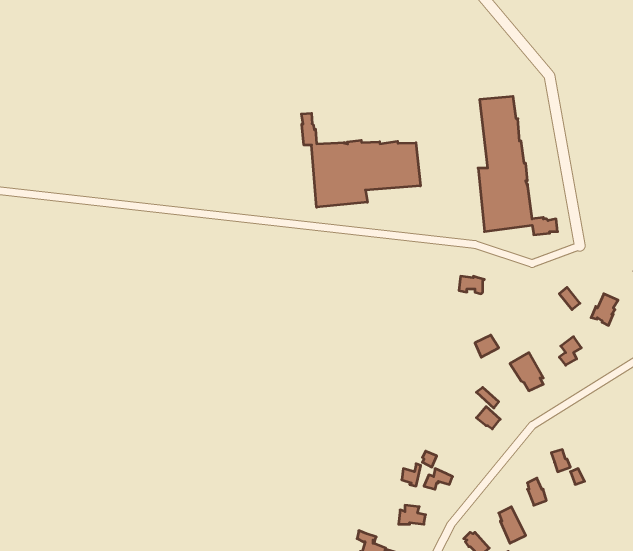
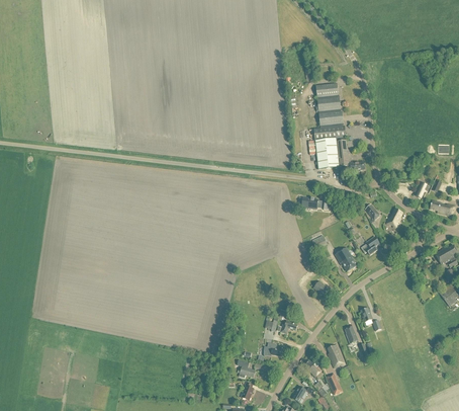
building: [301,113,420,207] -> none

